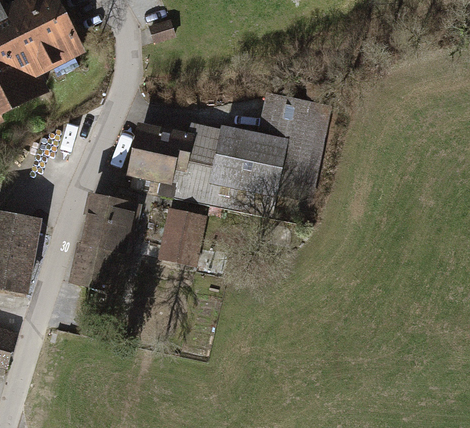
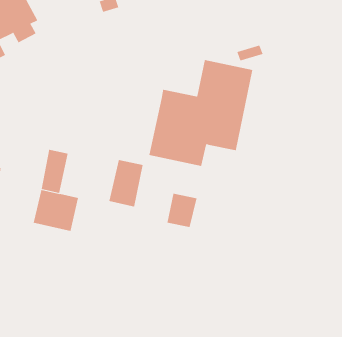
building: [126,125,219,202] -> none
building: [103,200,136,251] -> none
building: none -> [167,193,197,228]

